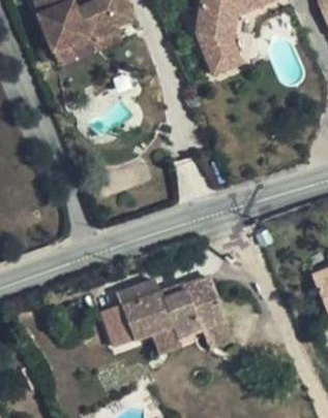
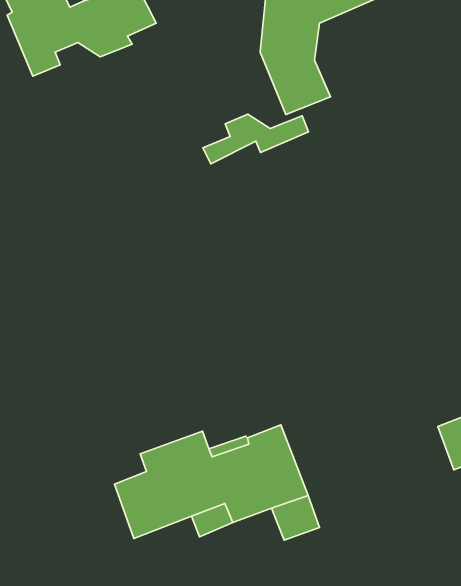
building: [50,29,118,61] -> [203,114,308,164]

